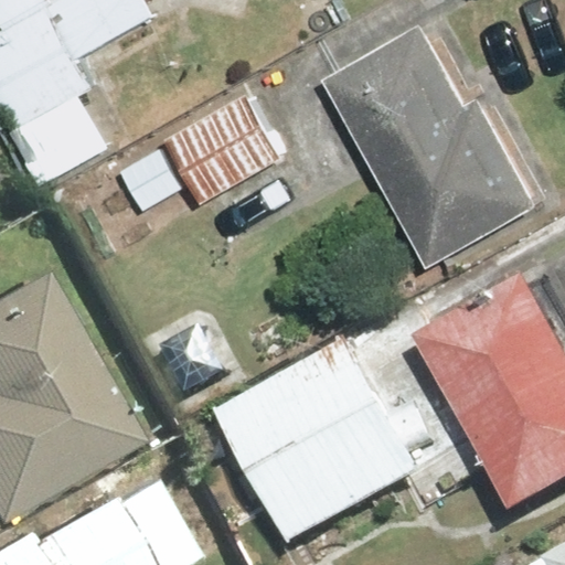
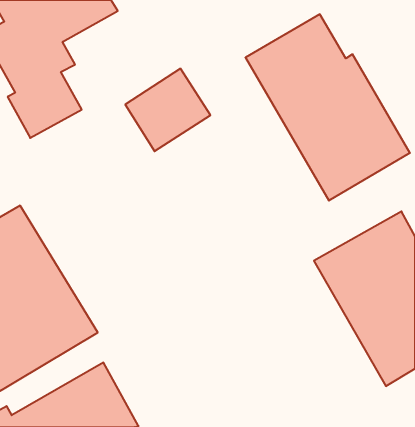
building: [213,343,417,551] -> none

